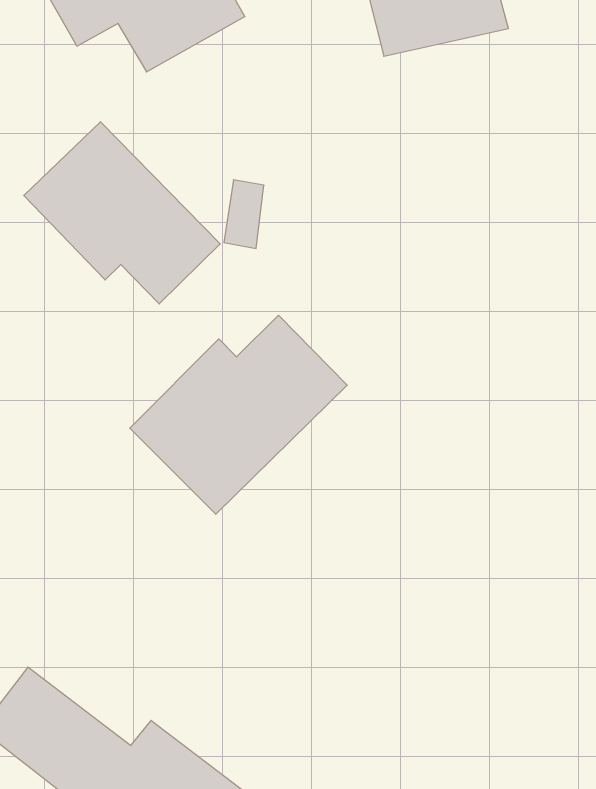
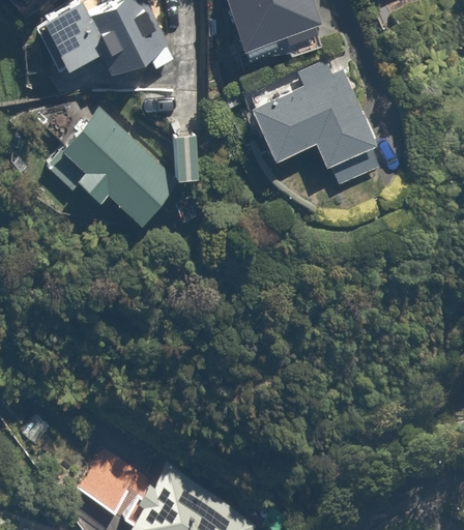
building: none -> [259,70,388,177]
building: [130,315,347,514] -> none

